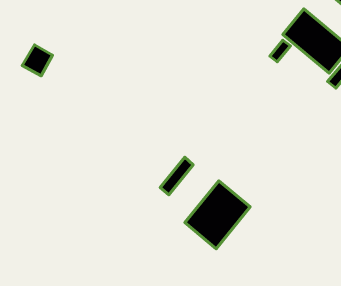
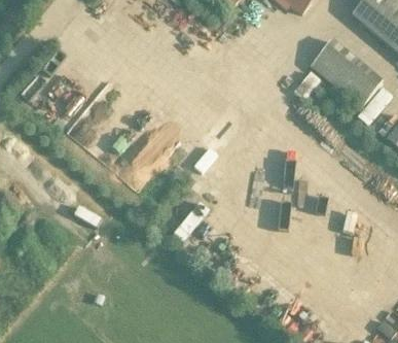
building: [185,181,250,249] -> none

